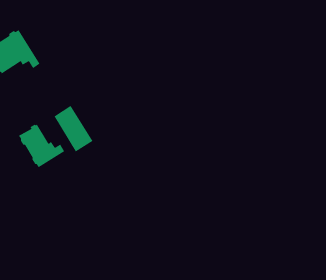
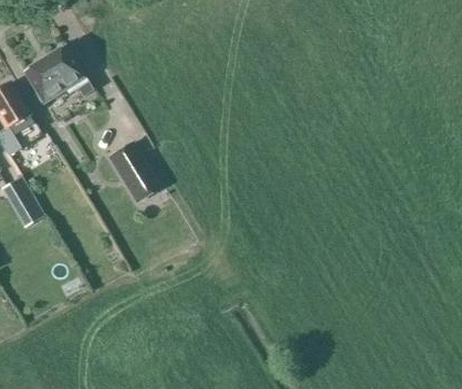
building: [18,123,65,168] -> none

